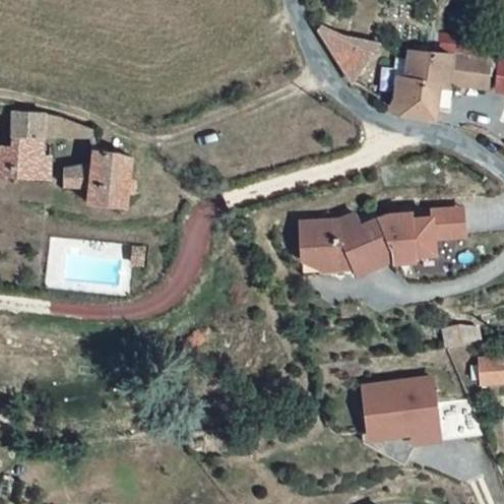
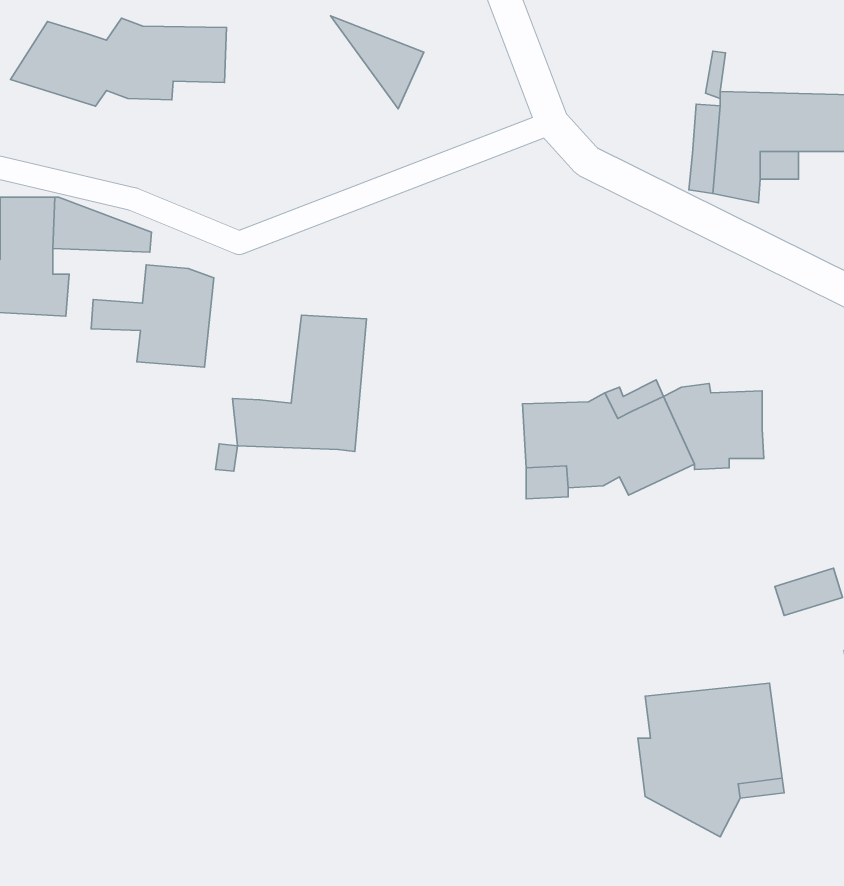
building: none -> [11,18,227,106]
building: [314,21,366,73] -> [330,16,424,109]
building: none -> [233,315,366,451]
building: [433,210,463,239] -> none

